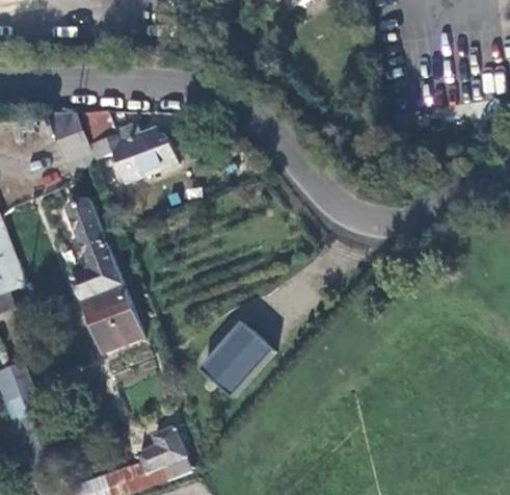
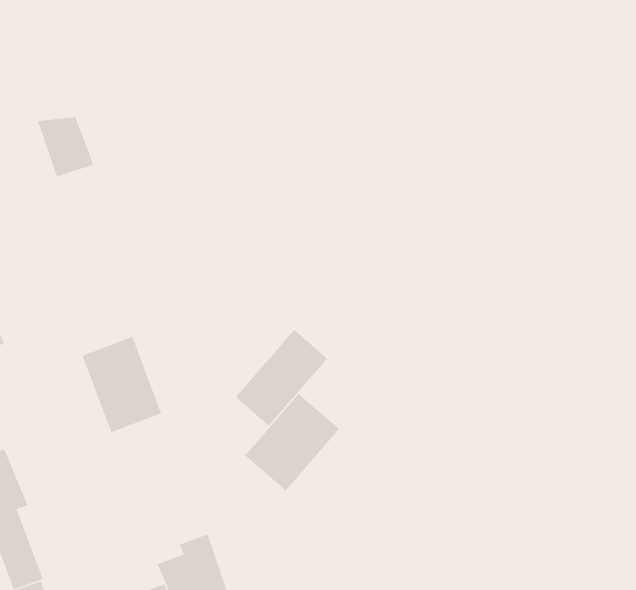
building: [85,114,178,181] -> none
building: [64,191,118,292] -> none
building: none -> [235,329,328,427]

